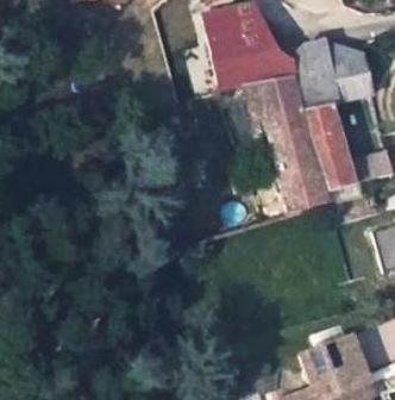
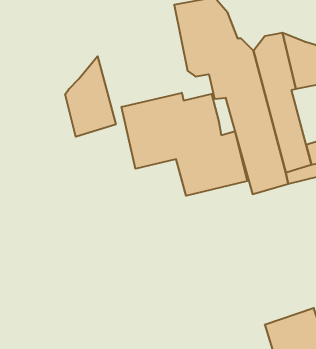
building: none -> [65,56,116,137]
building: none -> [122,93,247,196]

